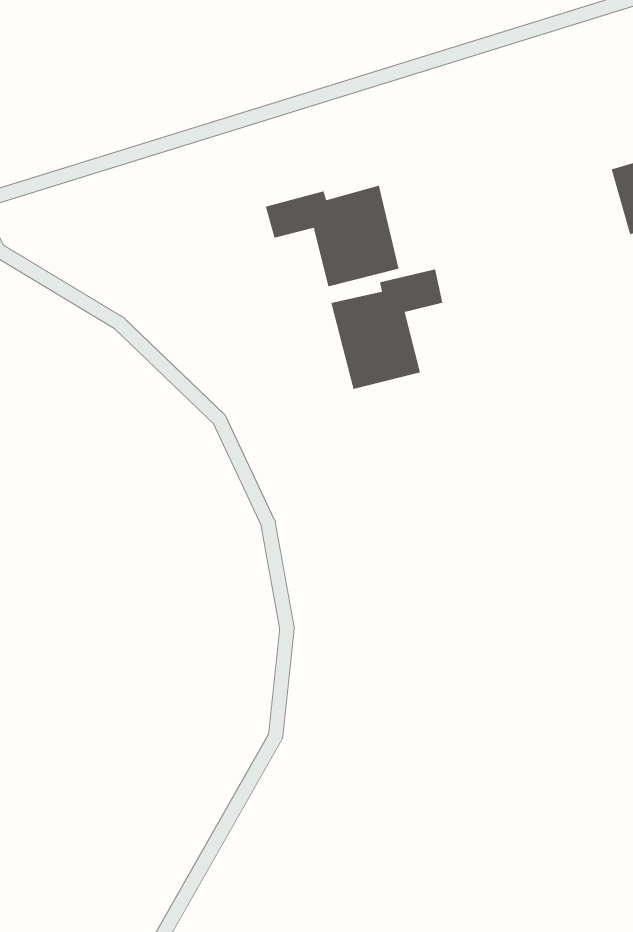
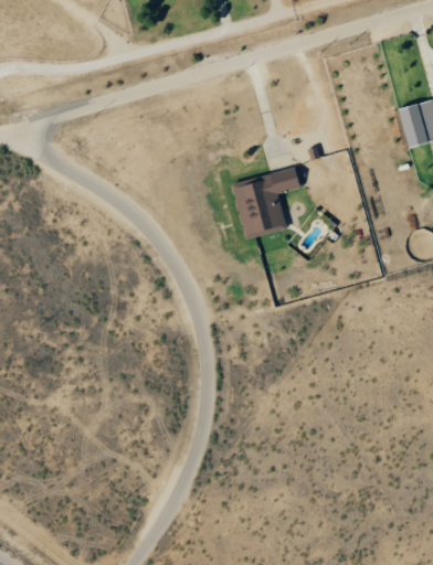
building: [265,185,399,287] -> none

